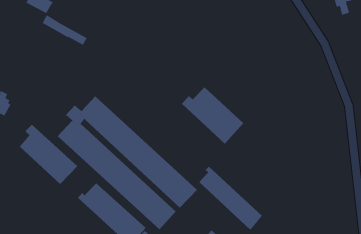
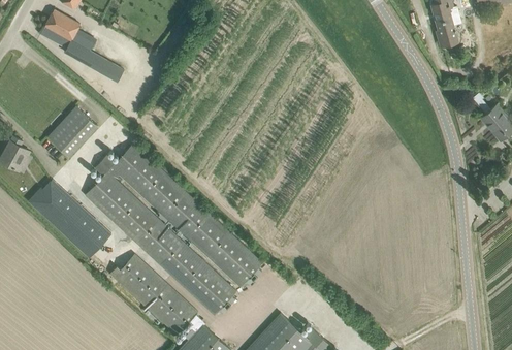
building: none -> [46,106,96,157]
building: [181,87,244,145] -> none
building: [198,166,263,230] -> none

